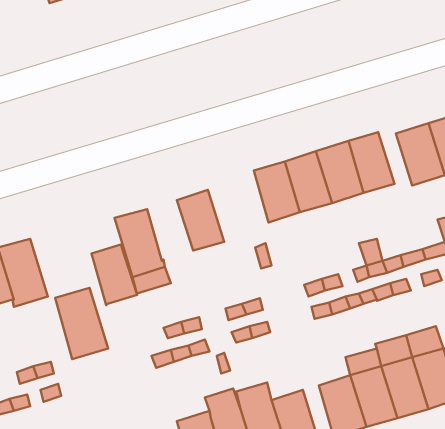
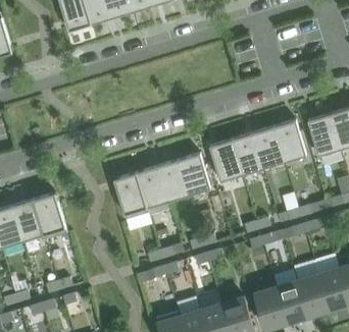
building: none -> [178,154,210,196]
building: [91,245,137,305] -> [136,167,167,209]
building: [55,288,108,359] -> none

